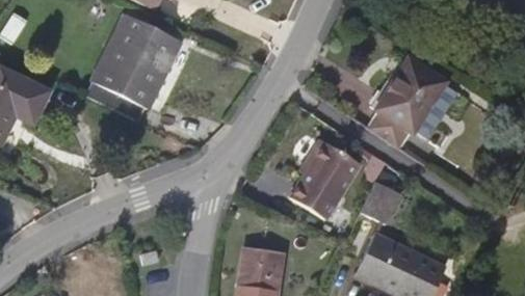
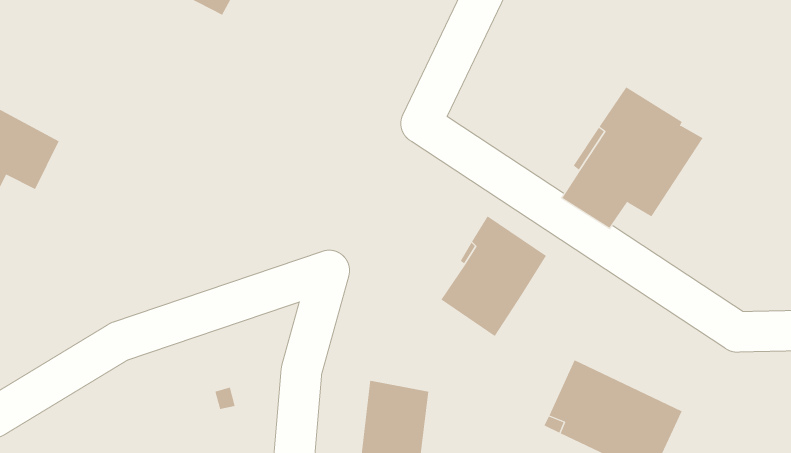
building: [83,14,179,123] -> none
building: [363,181,402,223] -> none

